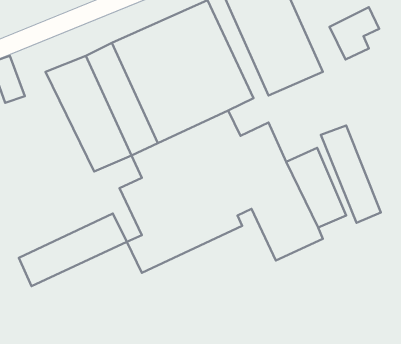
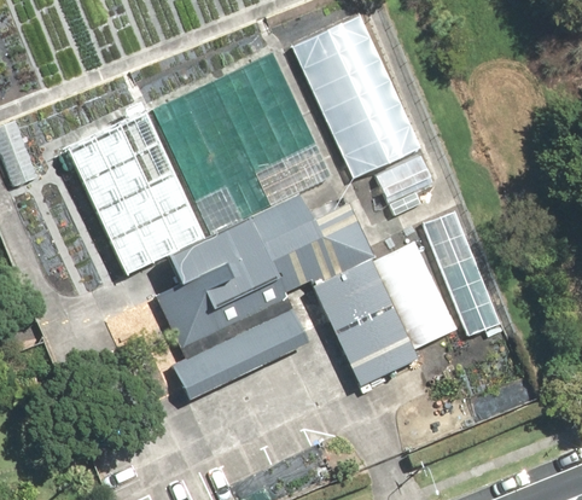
building: [330,7,379,60] -> [372,149,436,216]
building: [19,213,127,286] -> none

